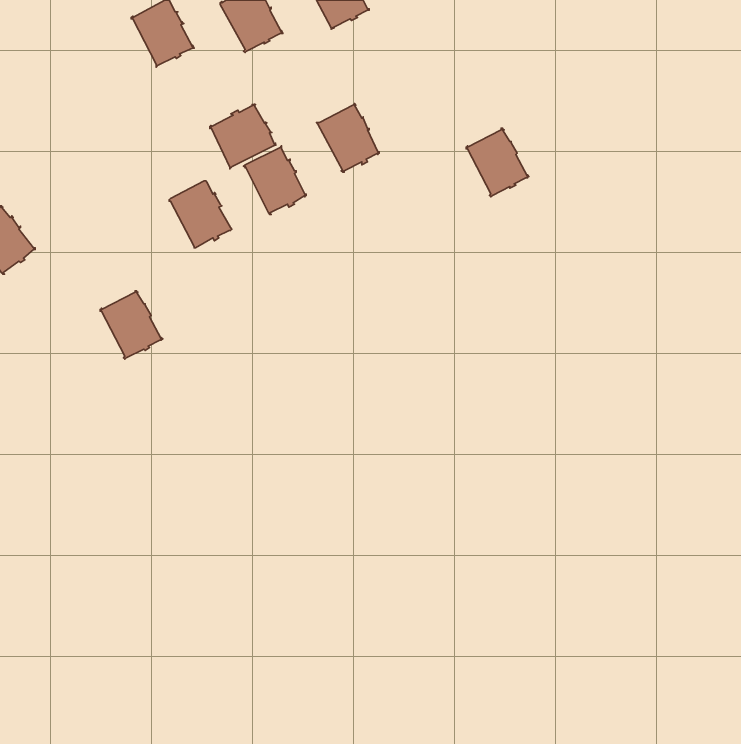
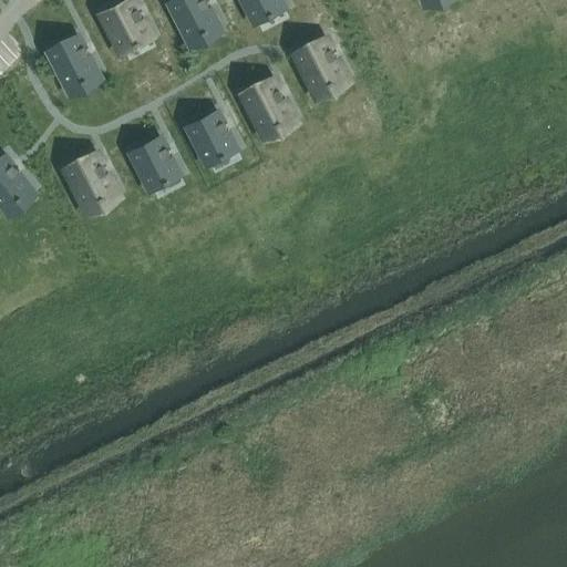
building: none -> [47,37,93,89]
building: [210,104,276,169] -> none
building: [466,128,529,197] -> [293,40,341,92]
building: [100,291,163,359] -> [64,155,112,207]

